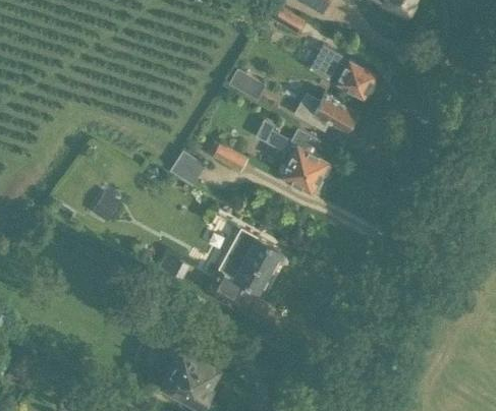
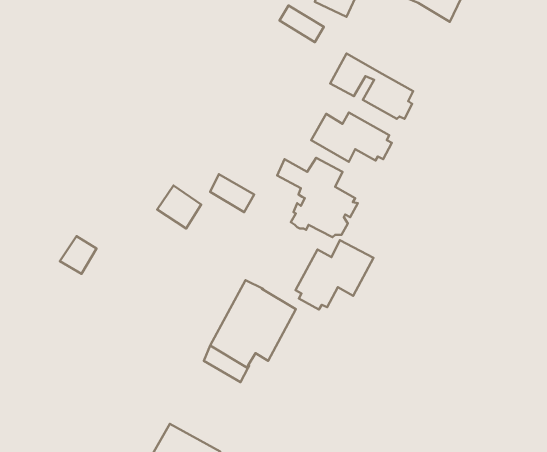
building: [228,69,266,101] -> none
building: none -> [296,240,373,310]

